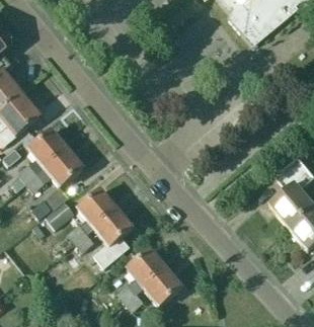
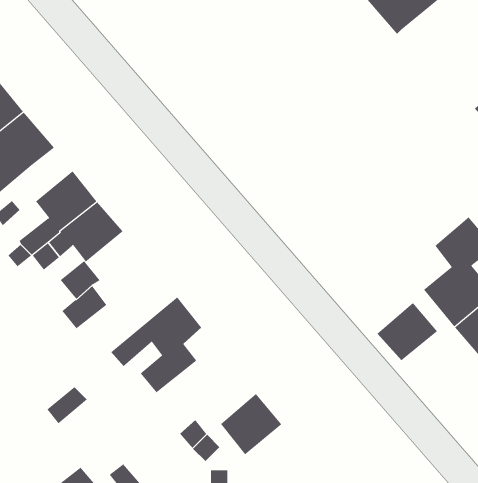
building: [69,189,117,242] -> none
building: none -> [376,302,438,361]
building: [128,249,166,287] -> none

